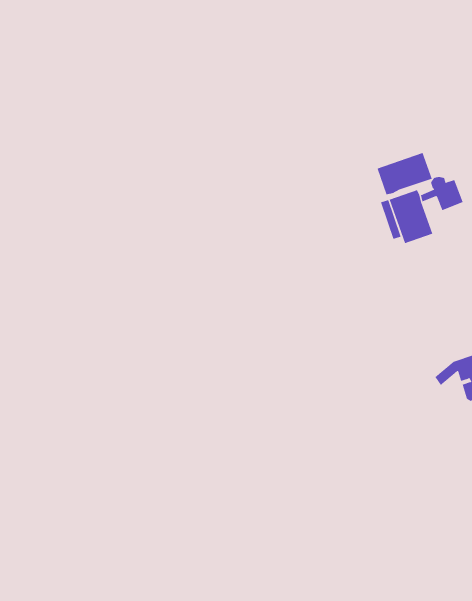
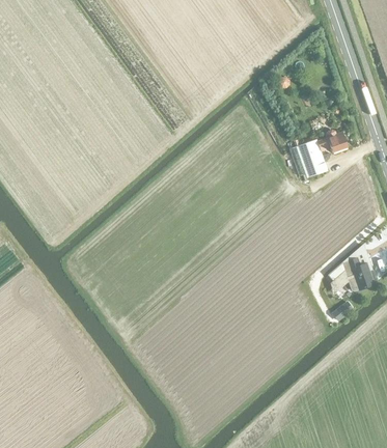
building: [377,152,432,195] -> none

